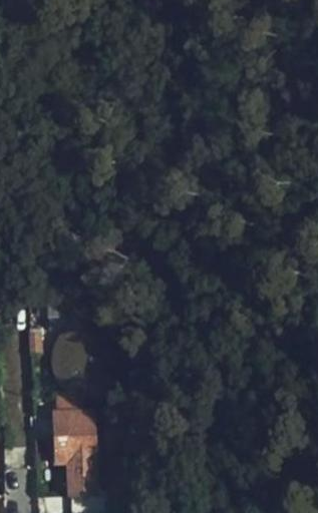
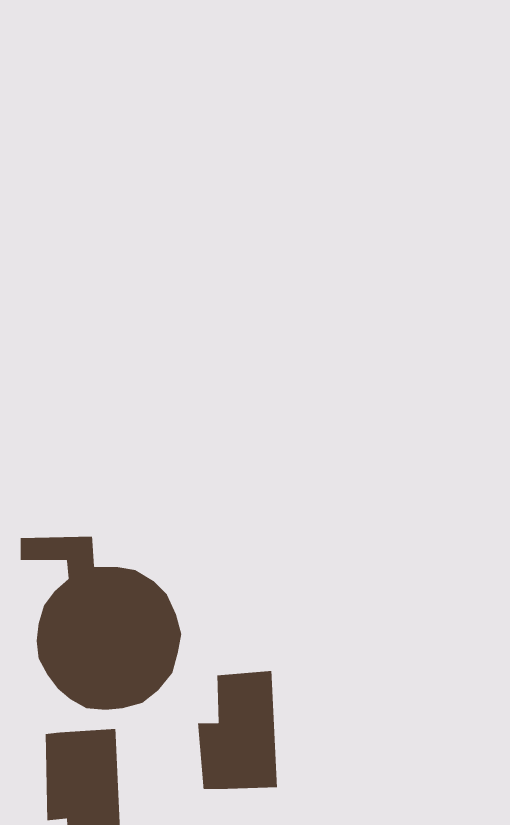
building: none -> [197,670,278,790]

